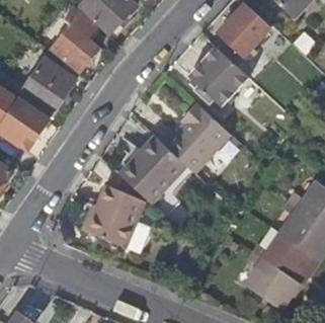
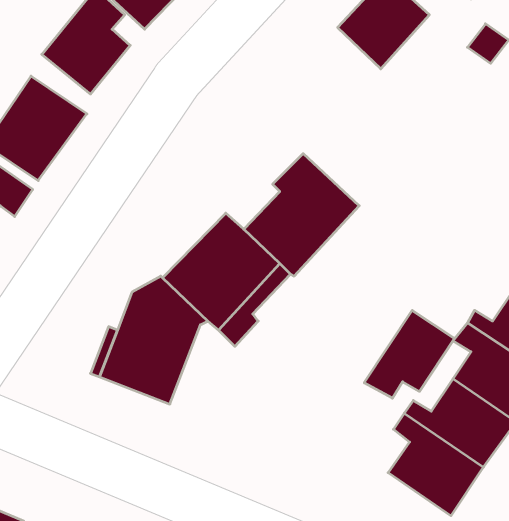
building: [188,47,247,105] -> none
building: none -> [364,310,455,398]

